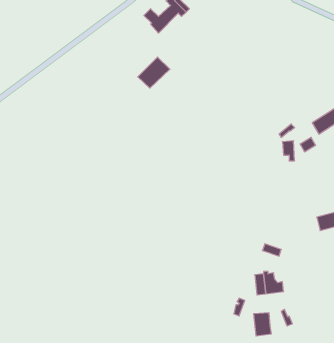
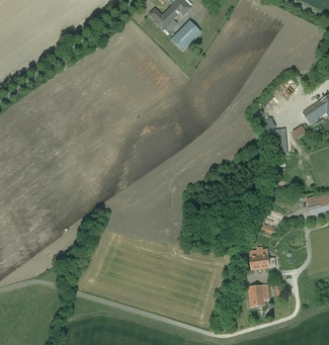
building: [138,57,170,88] -> [171,21,200,50]

